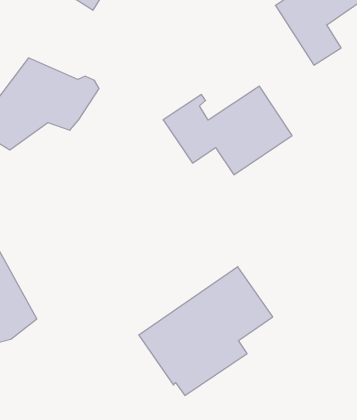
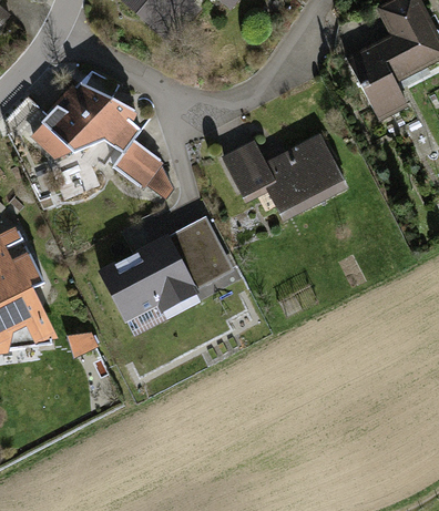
building: none -> [110,141,174,201]
building: [139,267,273,396] -> [95,213,233,335]

